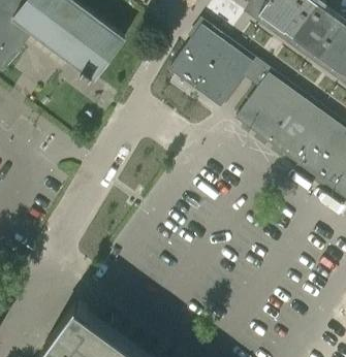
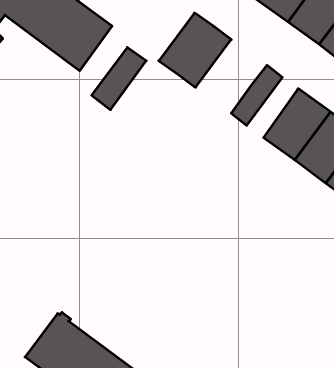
building: [201,51,252,108] -> [92,47,146,110]
building: [249,86,296,141] -> none

